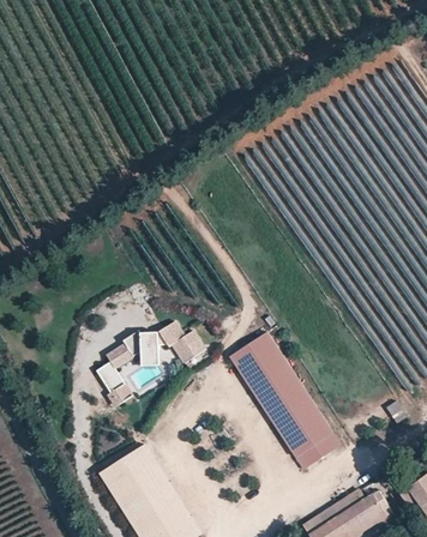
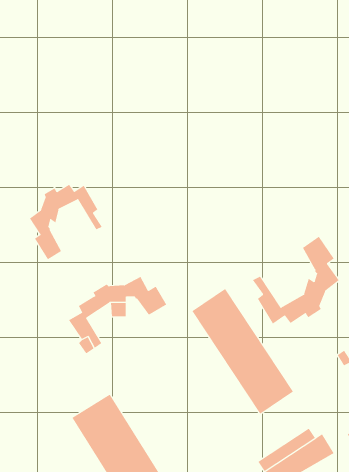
building: none -> [29,184,103,260]
building: none -> [252,236,340,324]

